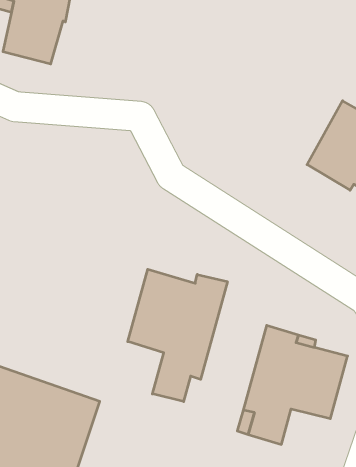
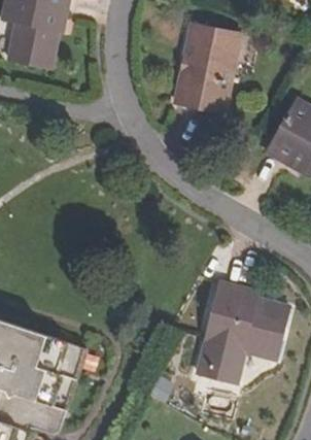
building: none -> [174,23,237,110]
building: [128,269,227,402] -> none

